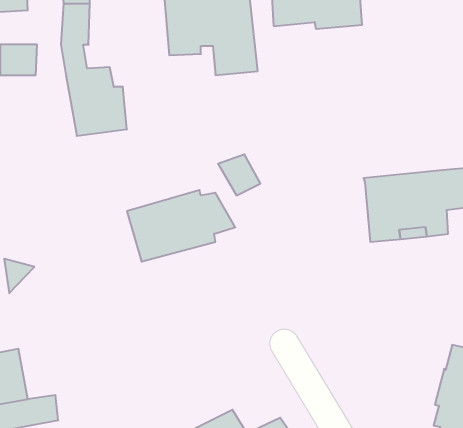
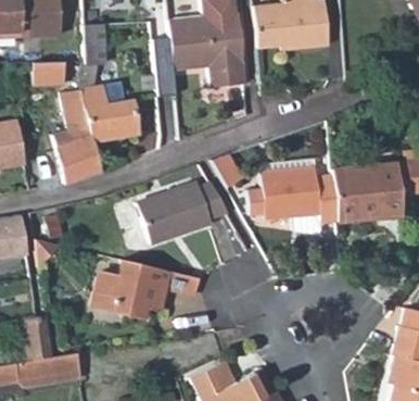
building: none -> [54,88,100,183]
building: none -> [249,171,337,239]
building: none -> [94,260,201,315]

